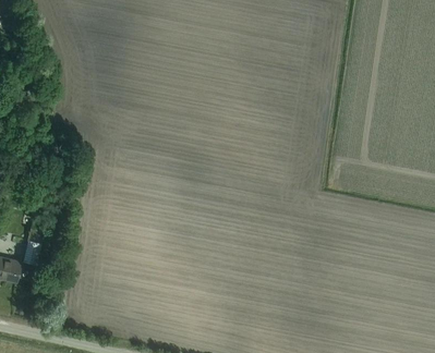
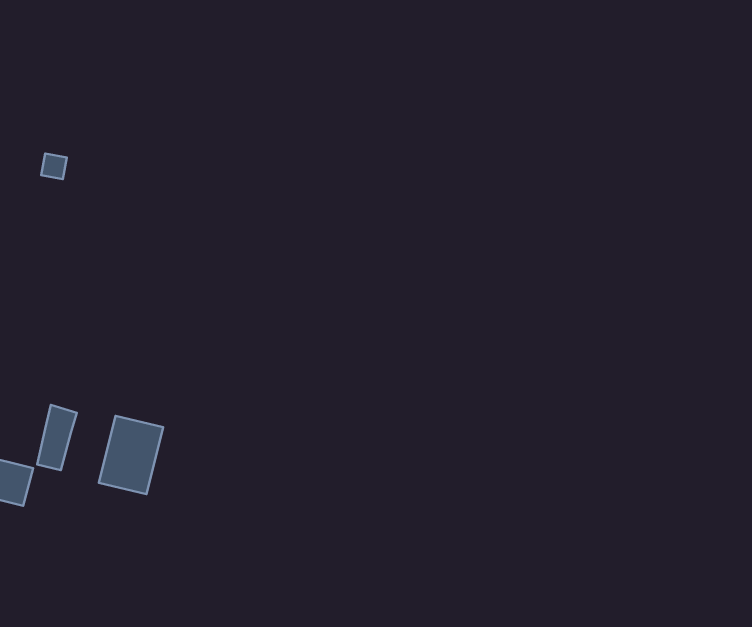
building: none -> [99,416,163,494]

